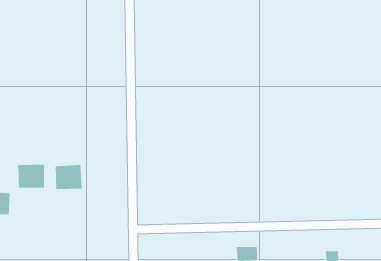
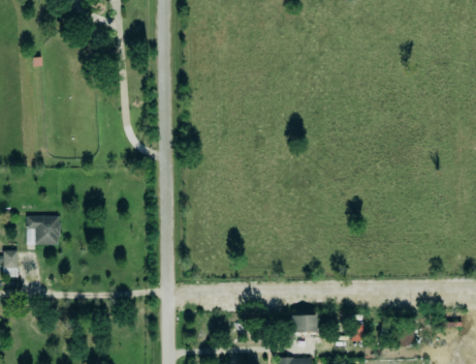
building: [55,164,82,190] -> none

